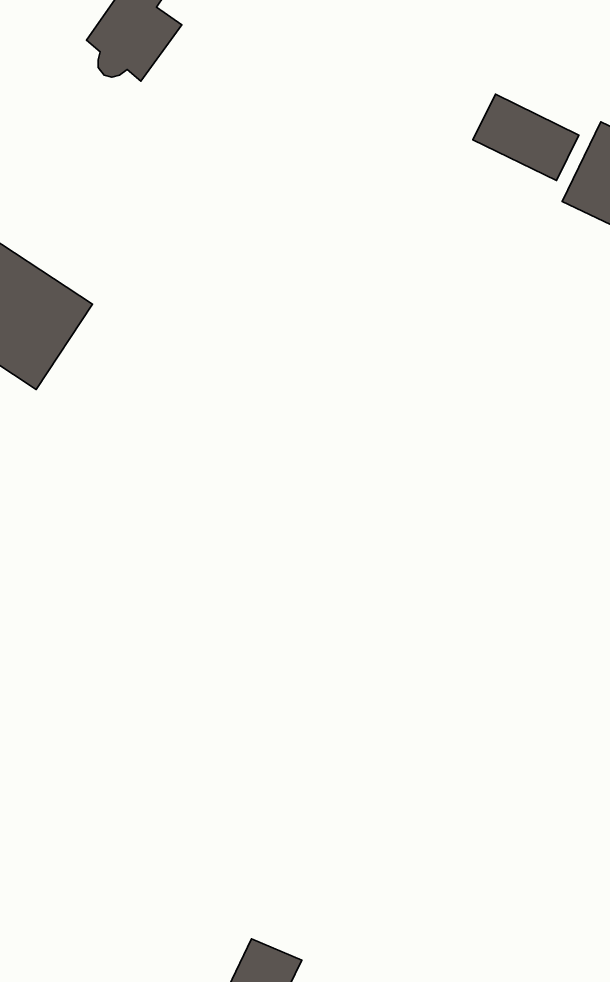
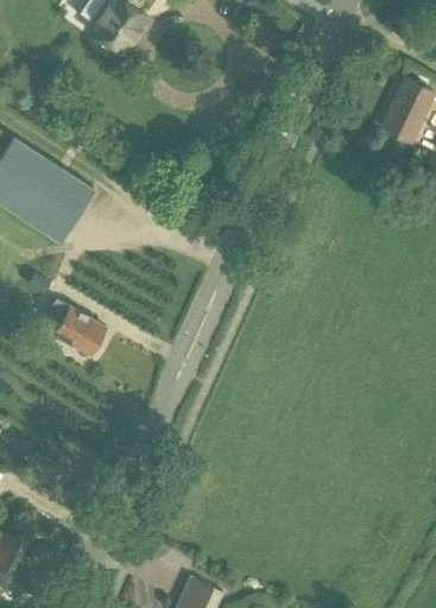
building: [473,94,579,181] -> none
building: none -> [46,299,105,355]

